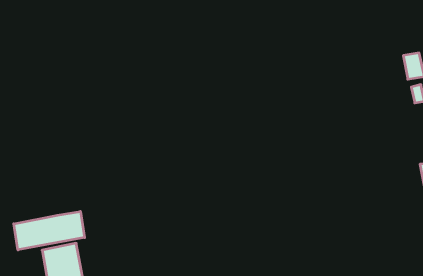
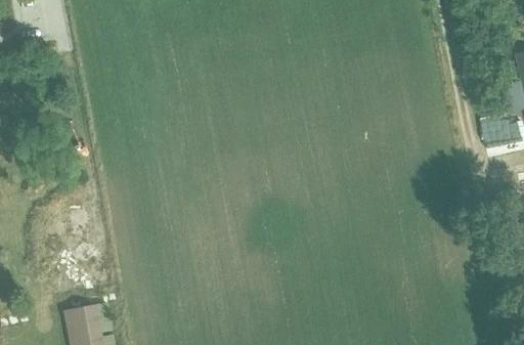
building: [14,211,85,250] -> none

